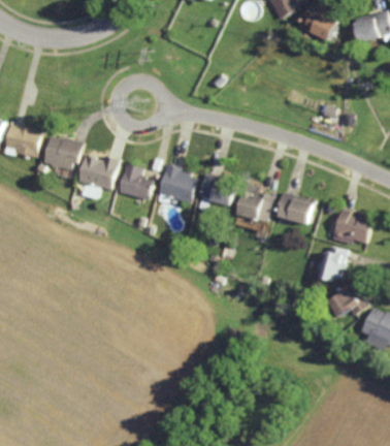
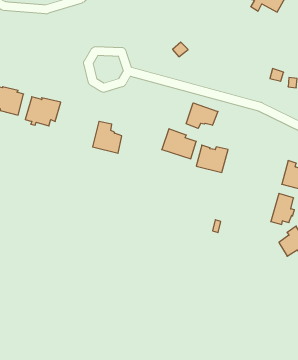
building: none -> [186,103,218,128]
building: [77,155,118,190] -> none
building: [157,164,196,202] -> none
building: [274,192,314,225] -> none

